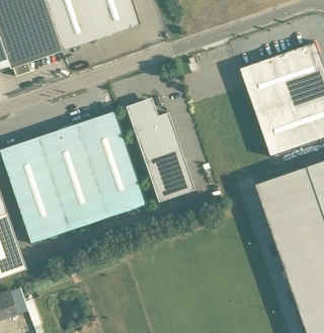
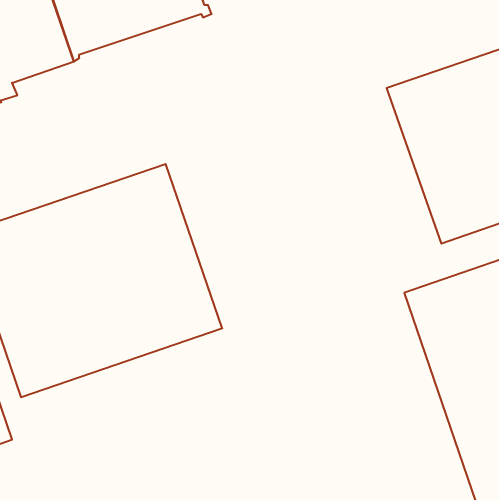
building: [126,102,194,202] -> none

